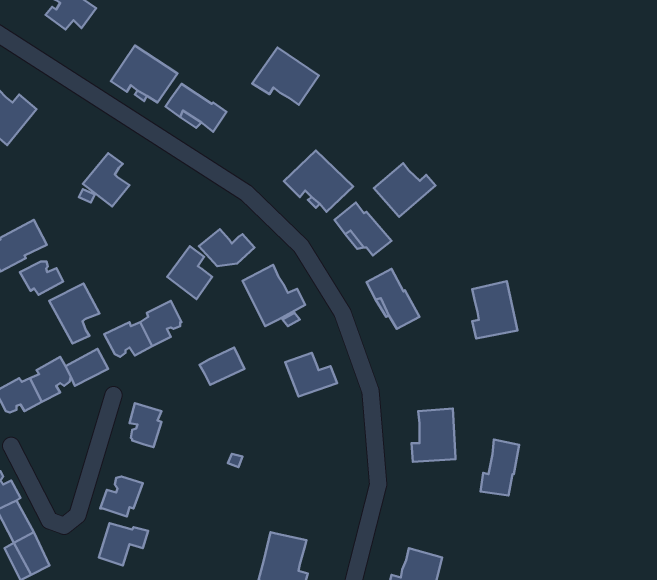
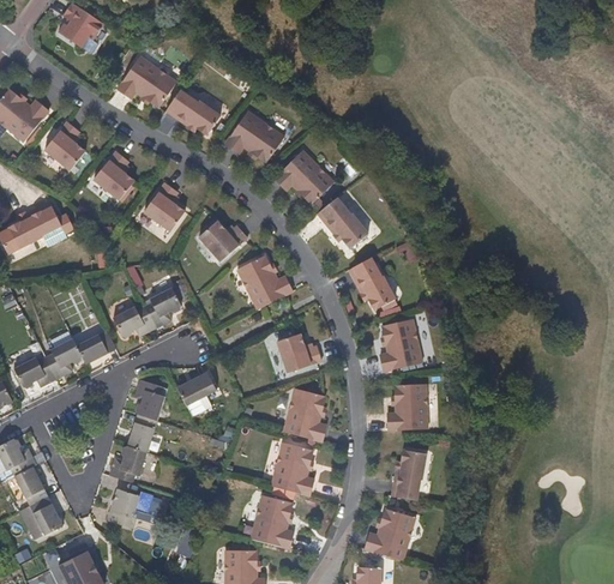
building: [252,48,319,105] -> [225,110,285,162]
building: none -> [38,122,86,177]
building: [374,163,435,217] -> none
building: [167,246,212,299] -> [142,182,182,230]
building: [20,261,63,295] -> none
building: [472,281,518,338] -> [380,319,421,371]
building: [49,284,99,344] -> none
building: [199,348,245,385] -> [176,369,217,403]
building: none -> [285,390,327,441]
building: [480,440,519,495] -> [392,448,427,499]
building: none -> [127,411,156,450]
building: none -> [272,442,314,495]

